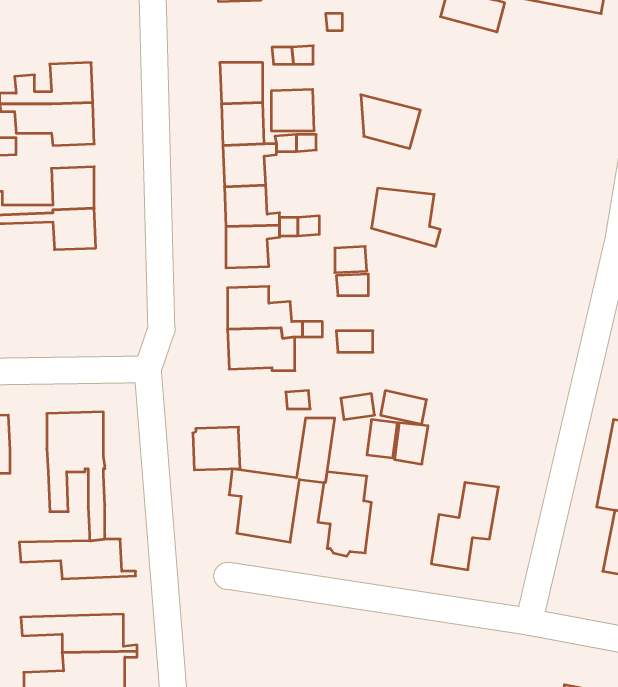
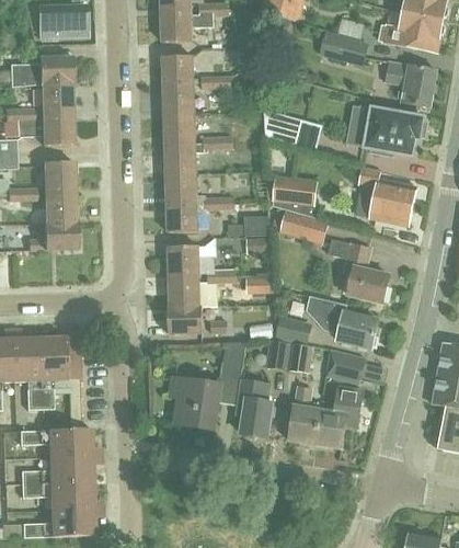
building: none -> [10,56,72,87]
building: none -> [383,61,436,106]
building: [271,89,314,131] -> [162,56,193,85]
building: none -> [360,107,427,155]
building: none -> [358,167,415,225]
building: none -> [271,210,325,244]
building: none -> [26,218,77,249]
building: none -> [326,239,389,302]
building: none -> [306,297,378,349]
building: none -> [11,336,41,408]
building: [193,427,240,470] -> [167,304,200,334]
building: none -> [324,349,387,384]
building: none -> [287,386,319,444]
building: none -> [20,453,102,482]

